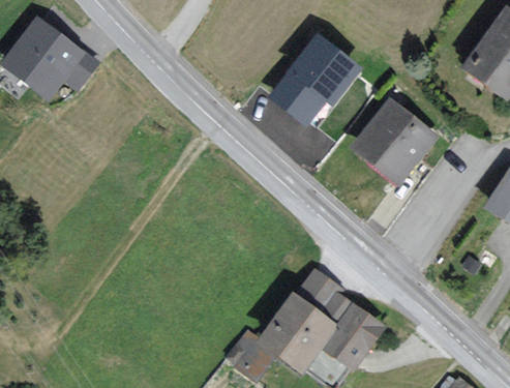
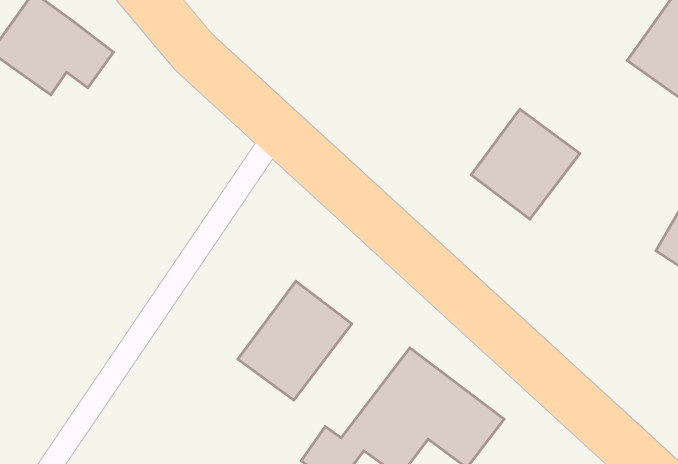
building: [271,37,357,122] -> none
building: none -> [238,281,352,400]

